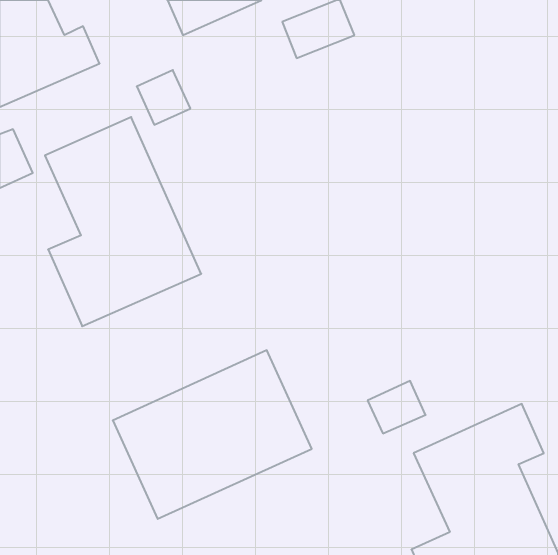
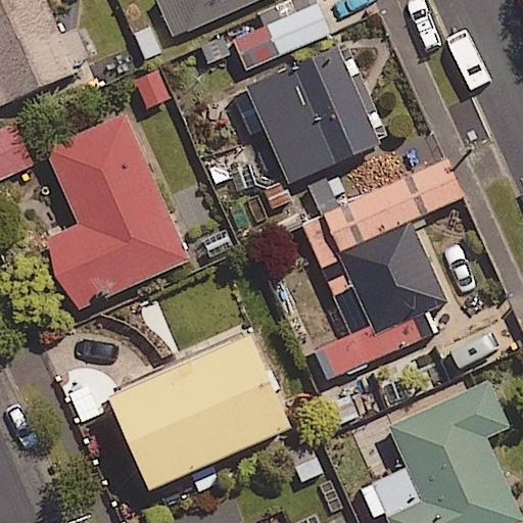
building: none -> [259,49,377,177]
building: none -> [319,160,463,337]

